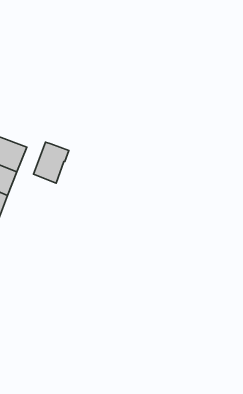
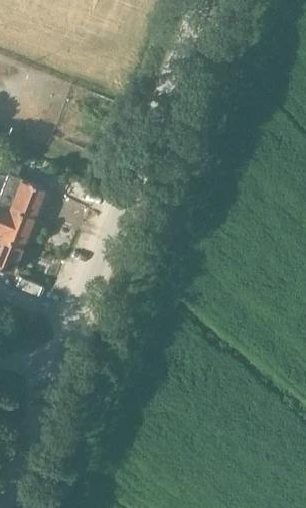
building: [34,142,69,183] -> none

